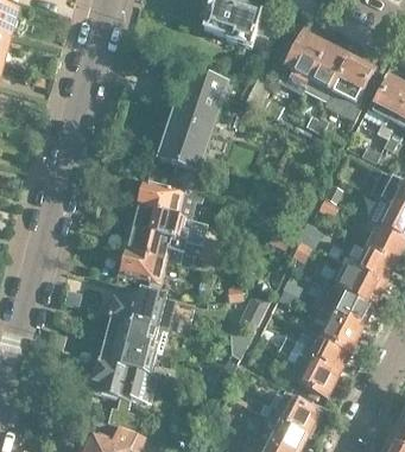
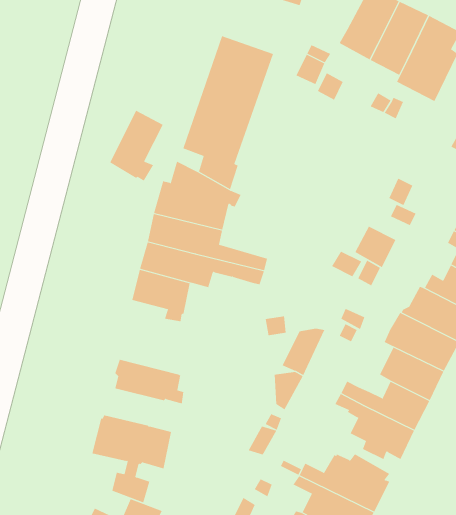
building: none -> [109,110,164,182]
building: [109,286,171,329] -> none
building: [99,339,159,374] -> none

